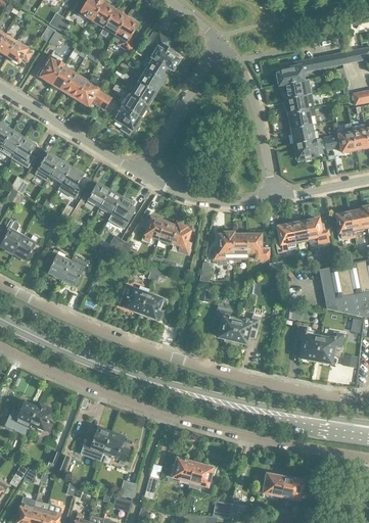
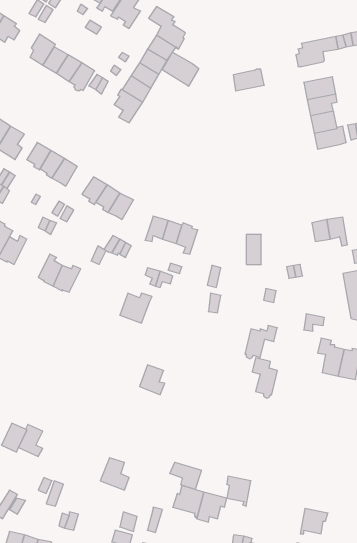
building: none -> [162,52,199,86]
building: [282,80,310,99] -> [233,69,264,91]
building: [276,224,295,251] -> none
building: [213,232,233,264] -> none
building: [246,234,268,260] -> none
building: [140,293,163,320] -> [140,365,165,395]
building: [215,306,237,342] -> [252,358,277,398]
building: [83,427,111,453] -> none
building: none -> [170,462,201,490]
building: [264,473,285,500] -> [227,476,251,506]

